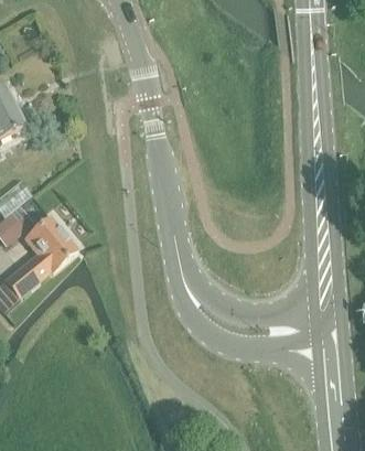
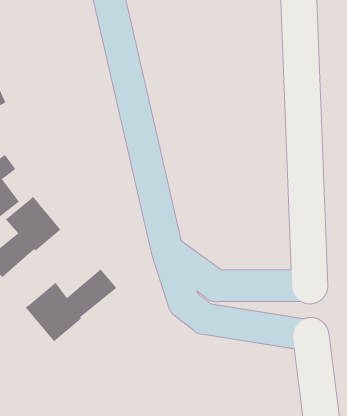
building: none -> [25,269,117,342]

